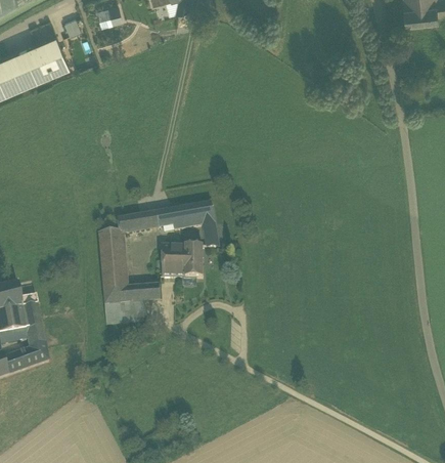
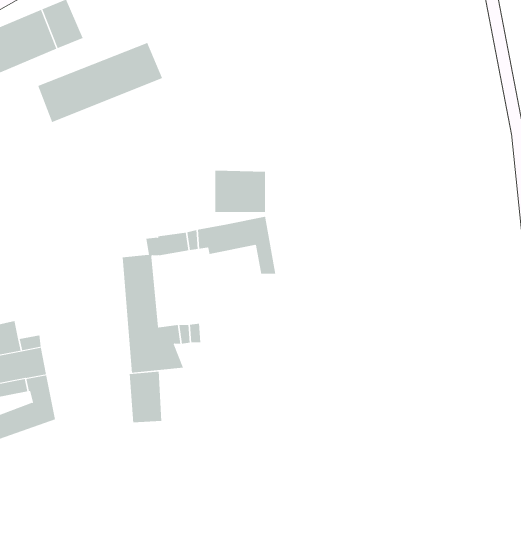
building: none -> [38,42,163,123]
building: [163,245,203,278] -> [214,170,266,212]
building: none -> [129,371,162,423]

